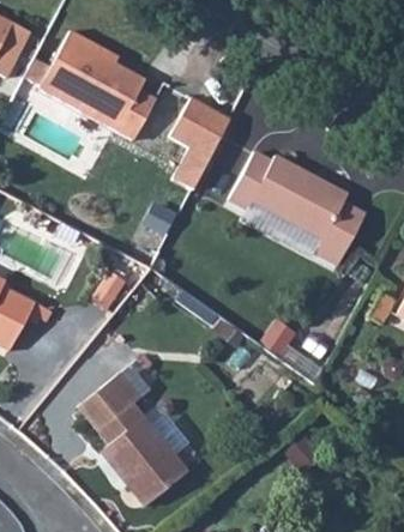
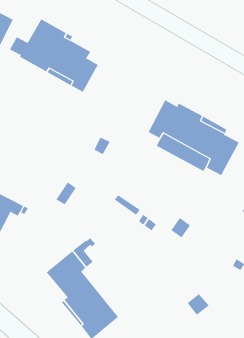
building: [170,97,230,189] -> none

